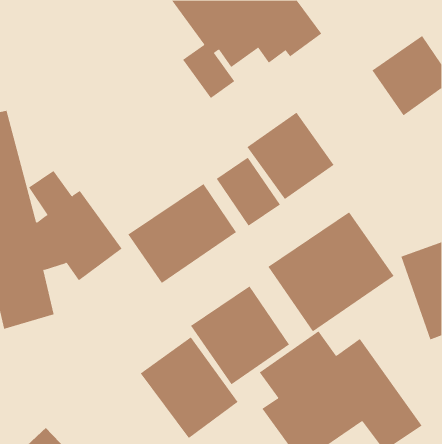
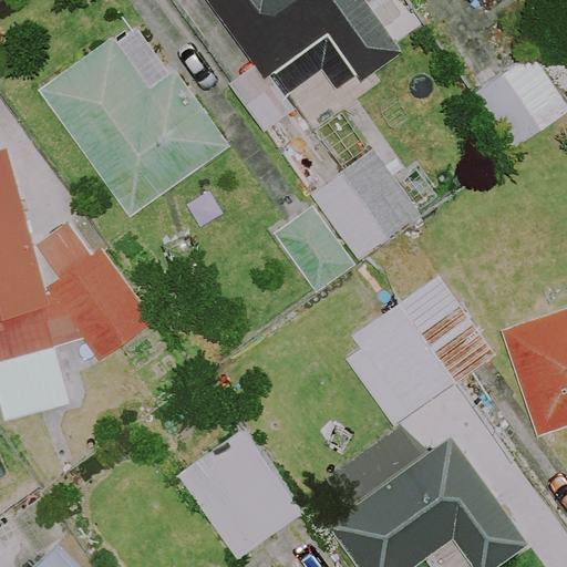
building: none -> [39,33,234,217]
building: [128,183,237,284] -> none
building: [190,286,290,385] -> none

